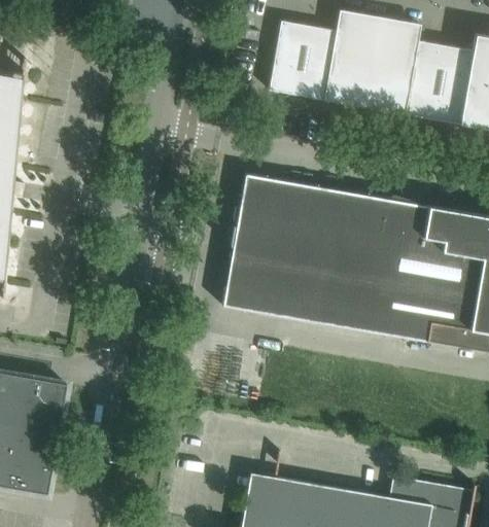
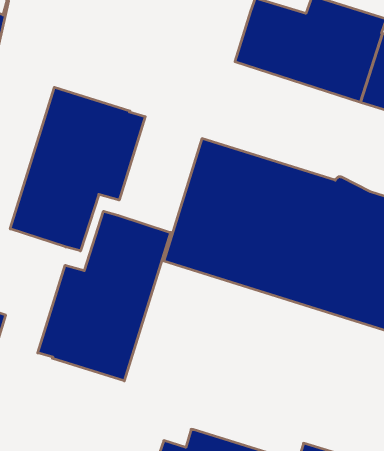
building: none -> [10,87,145,251]
building: none -> [38,211,171,381]

